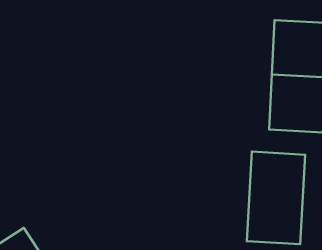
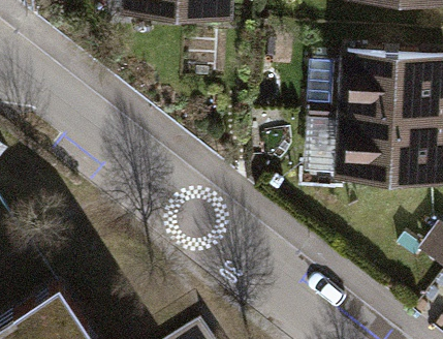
building: [247,151,305,244] -> none

